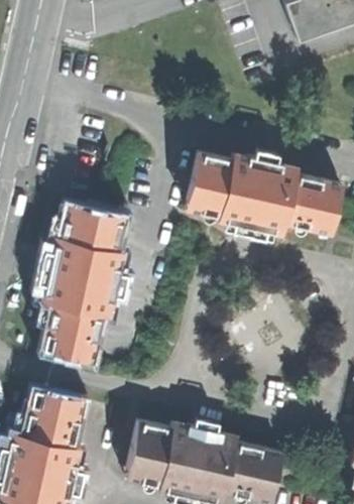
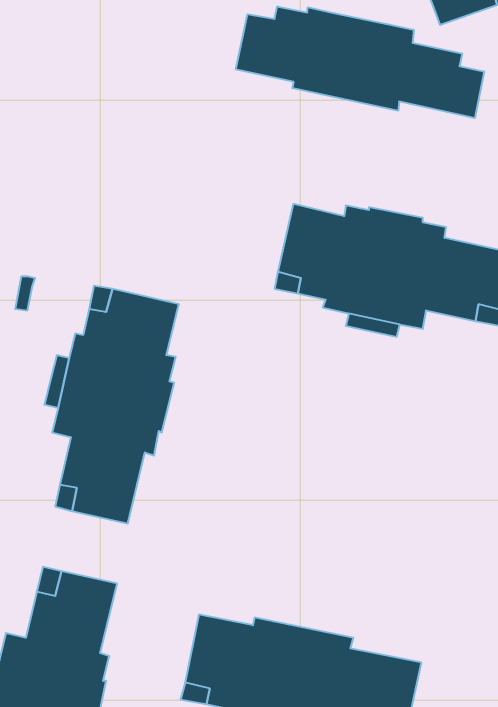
building: none -> [236,6,484,118]

